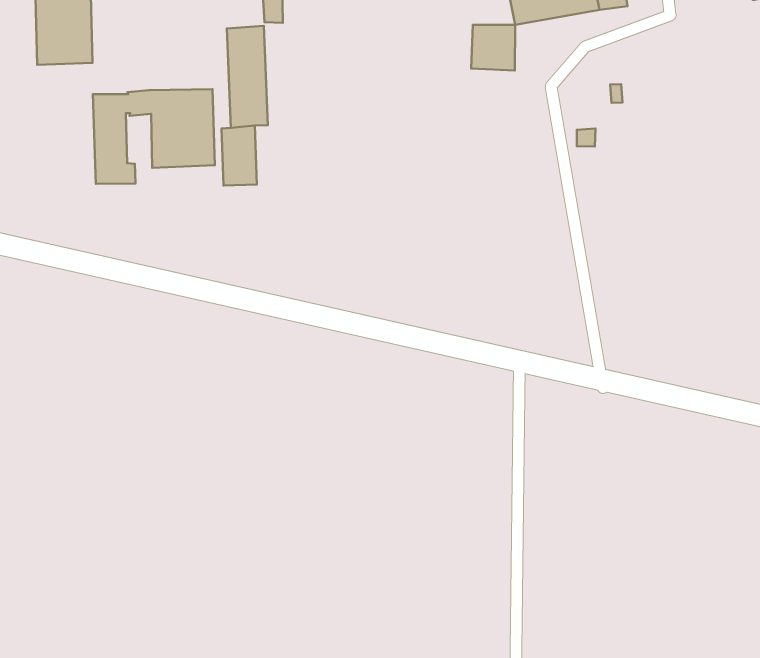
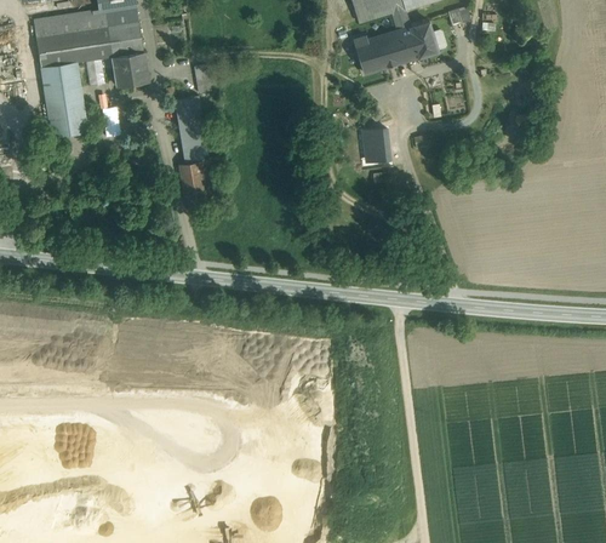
building: [471,25,515,71] -> [359,128,390,161]
building: [93,89,215,184] -> none

